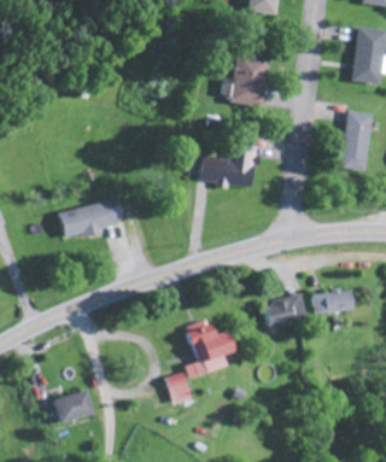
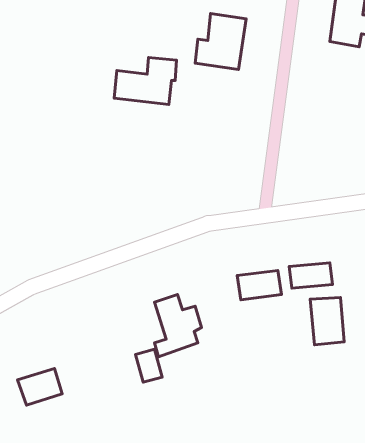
building: [339,110,372,171] -> none
building: [199,144,258,188] -> [114,58,176,105]
building: [60,201,119,239] -> none
building: none -> [310,297,344,345]

